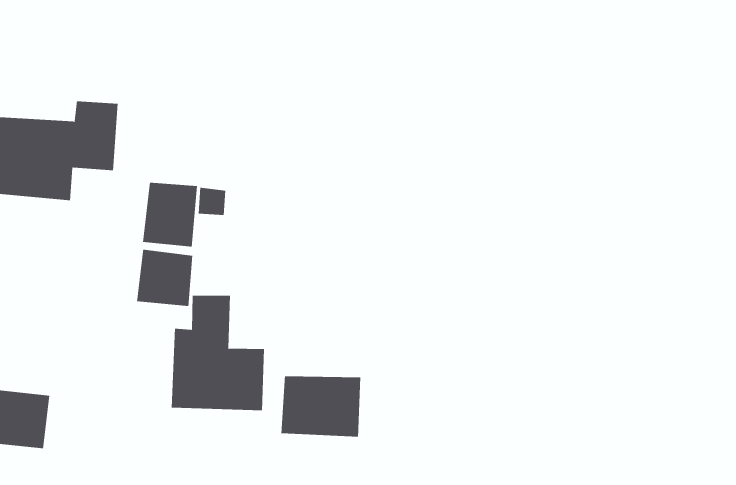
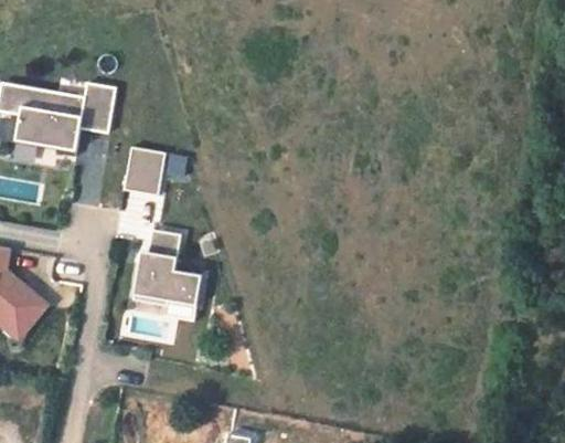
building: [137,249,193,307] -> none
building: [281,375,361,437] -> none

